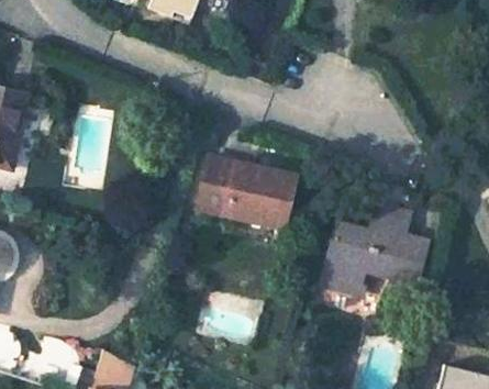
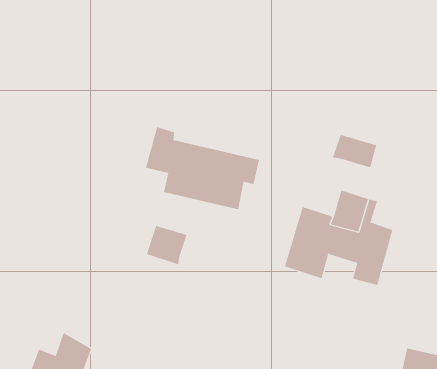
building: none -> [332,134,377,168]
building: none -> [146,225,187,265]

